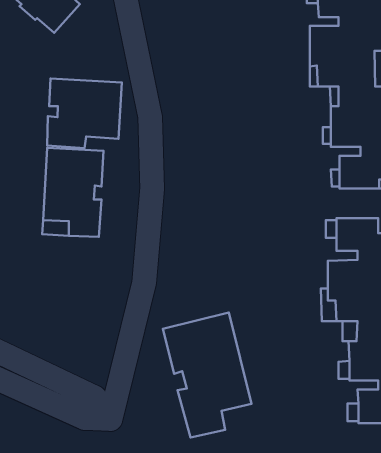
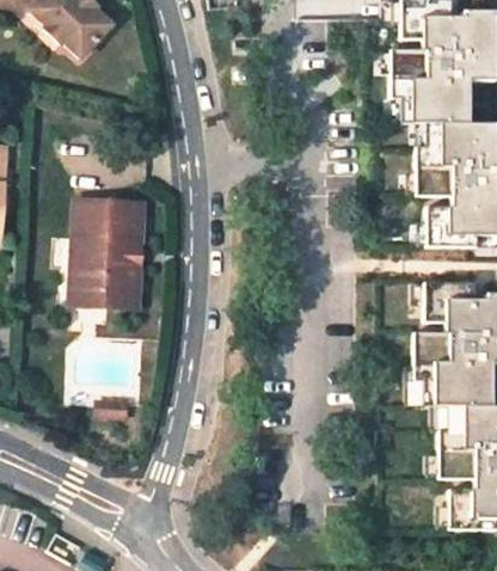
building: [47,78,122,148] -> none
building: [163,313,252,438] -> none

